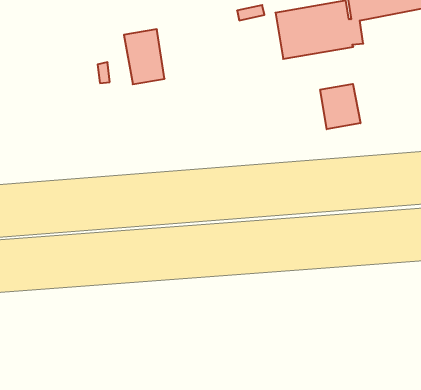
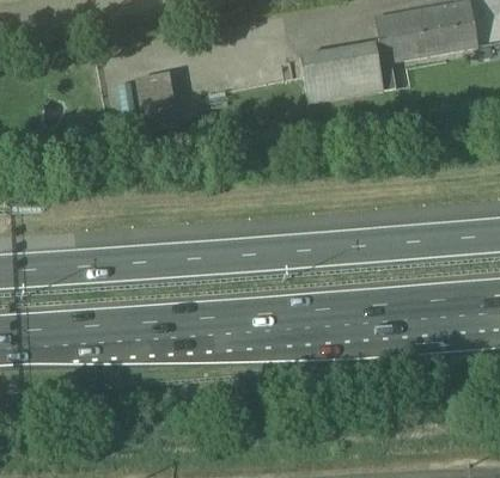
building: [320,84,360,129] -> none

